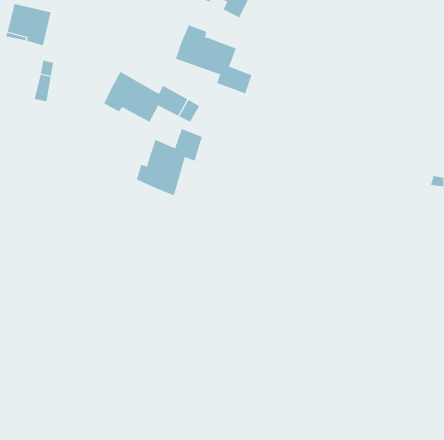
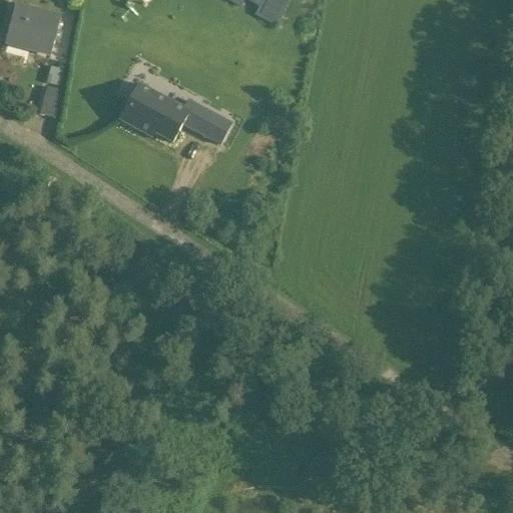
building: [175,25,252,94] -> none
building: [136,128,202,196] -> none

